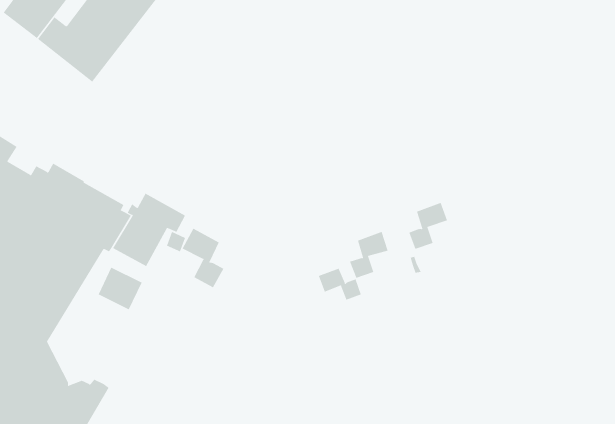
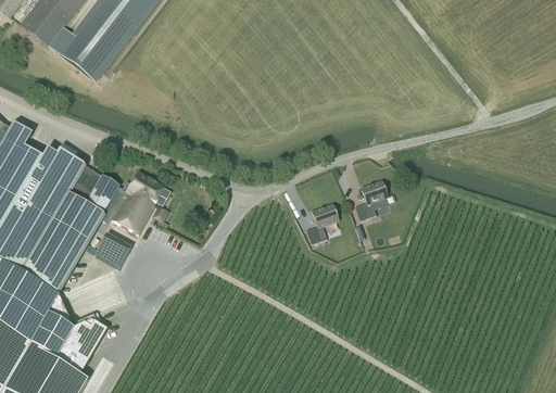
building: [182,228,224,288] -> none
building: [318,268,361,300] -> none

